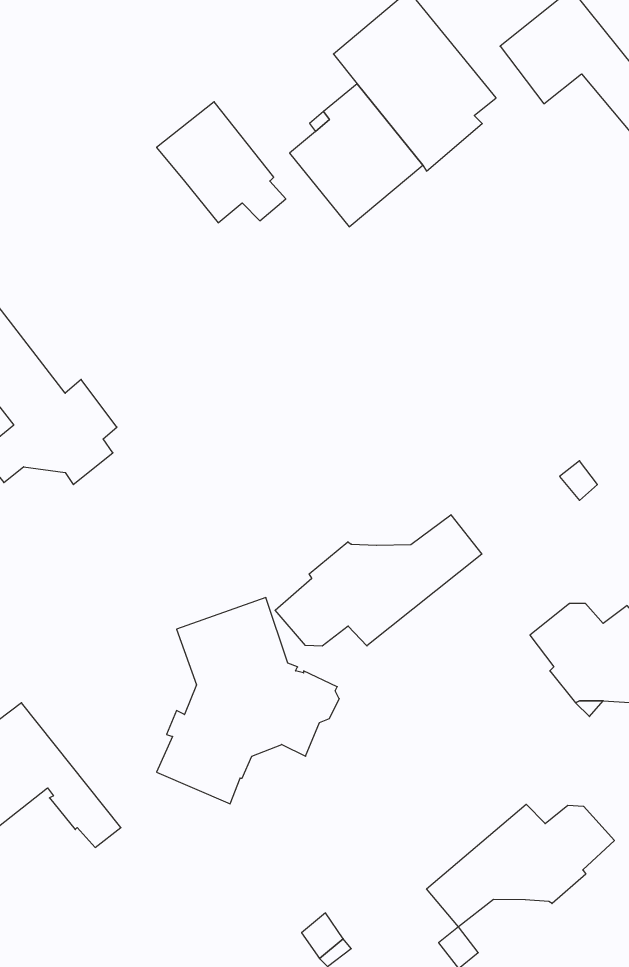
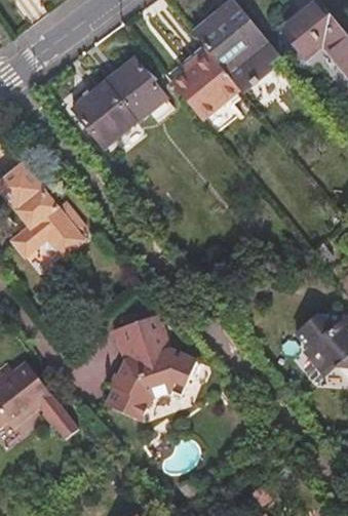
building: none -> [70,80,134,146]
building: [275,515,482,646] -> none
building: [427,804,614,927] -> none

